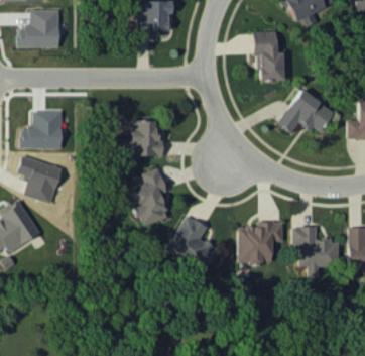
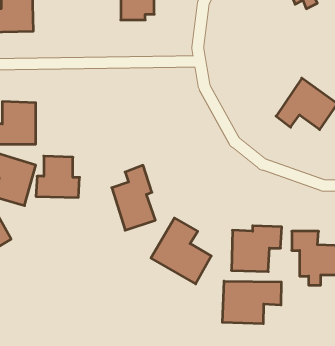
building: [255,31,284,81] -> none
building: [124,120,163,157] -> [36,156,80,197]
building: none -> [222,281,281,324]

